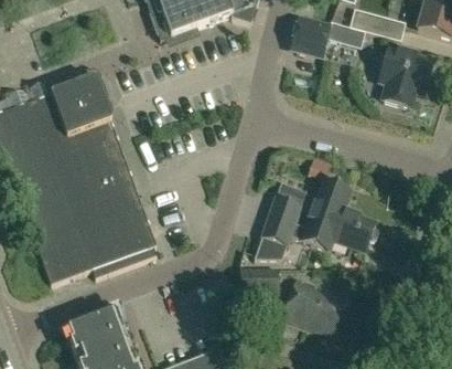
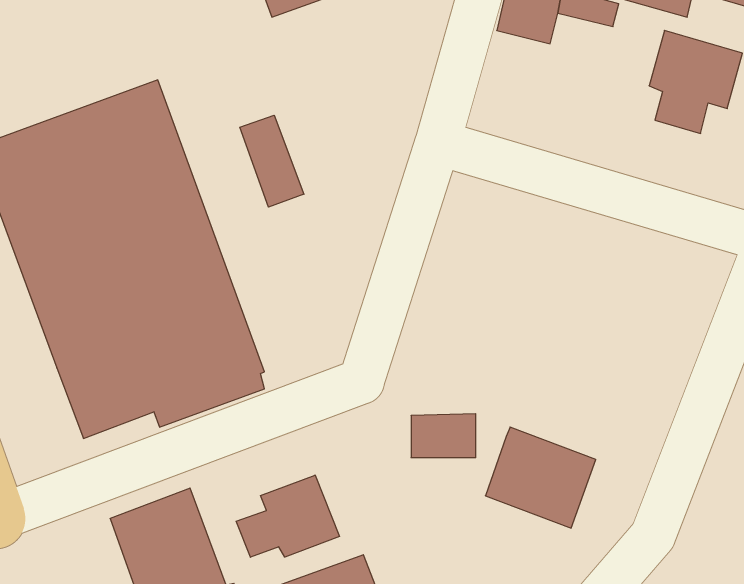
building: none -> [240,115,304,207]
building: [255,180,379,259] -> none
building: none -> [236,475,339,557]

